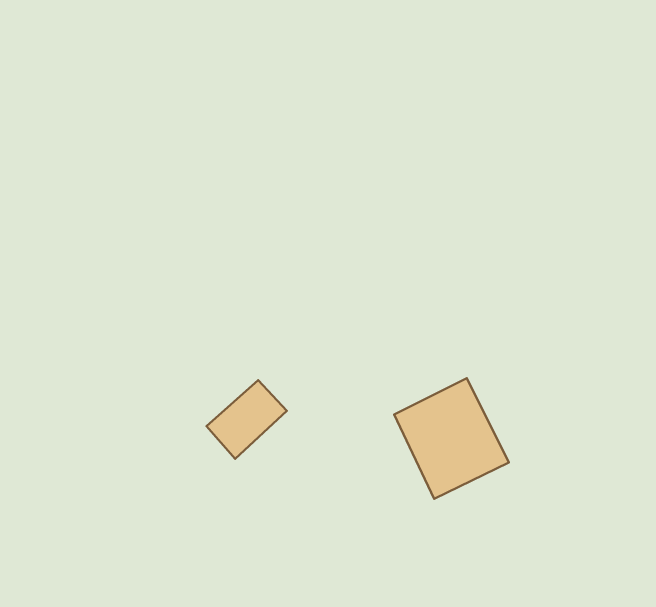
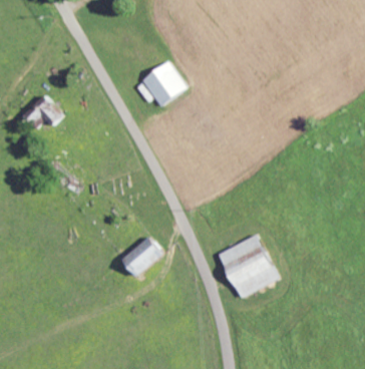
building: none -> [139,62,185,107]
building: none -> [25,94,63,125]

